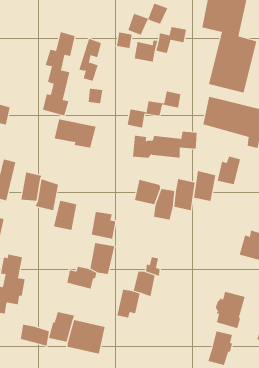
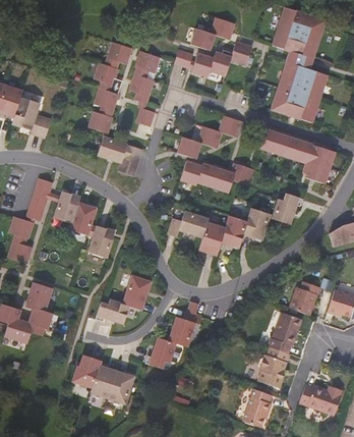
building: [91,211,116,239] -> none
building: none -> [269,310,303,350]
building: [20,324,50,346] -> none

